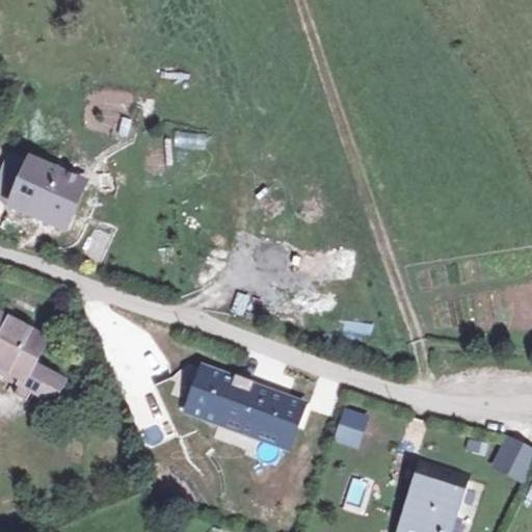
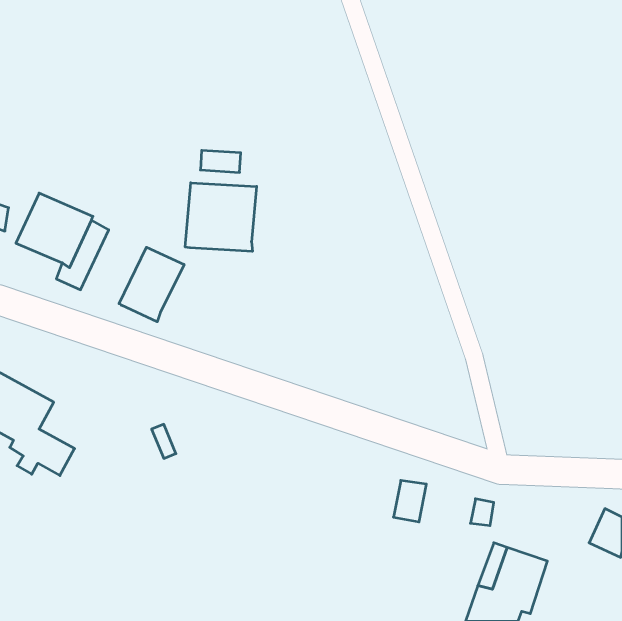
building: none -> [185,183,257,251]
building: none -> [119,247,184,322]
building: [171,357,304,448] -> none

